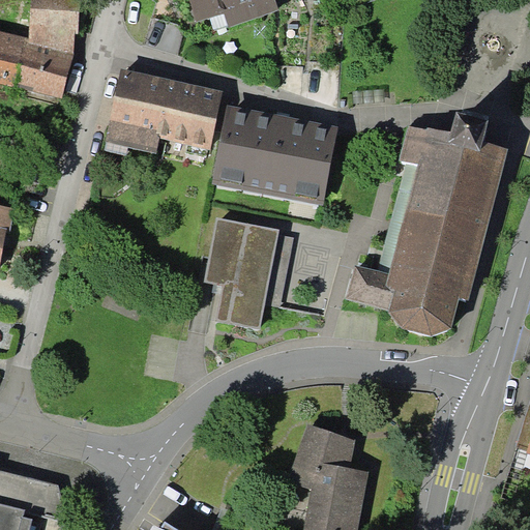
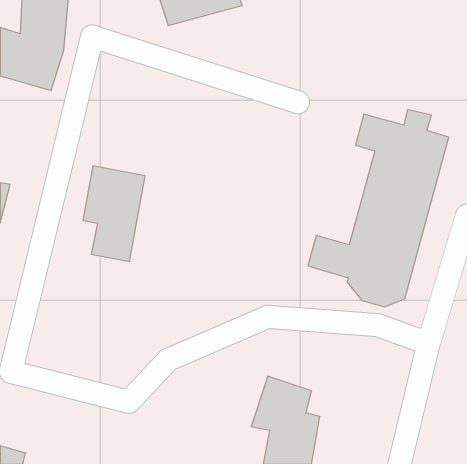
building: [109,70,217,144] -> none
building: [216,107,333,194] -> none
building: [207,215,277,324] -> [83,166,145,262]

